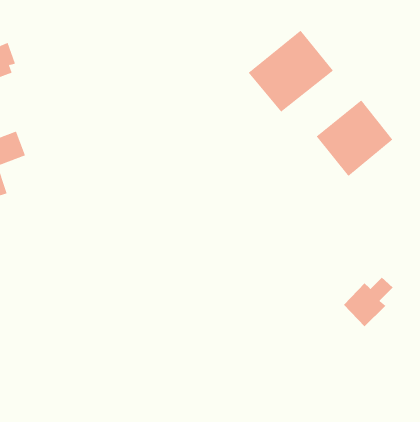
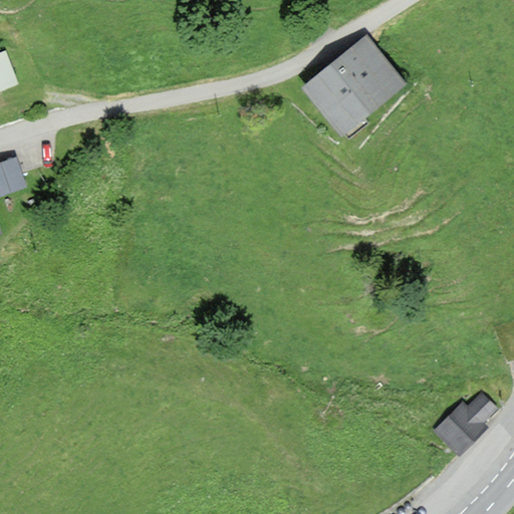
building: [316,99,393,177] -> none
building: [343,277,394,327] -> [431,392,492,453]

